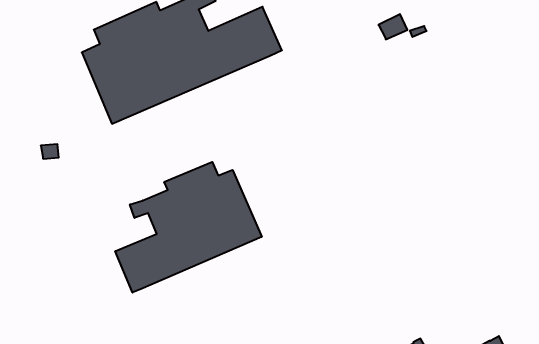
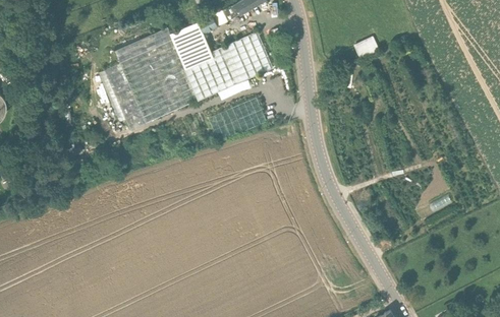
building: [115,162,262,293] -> none

